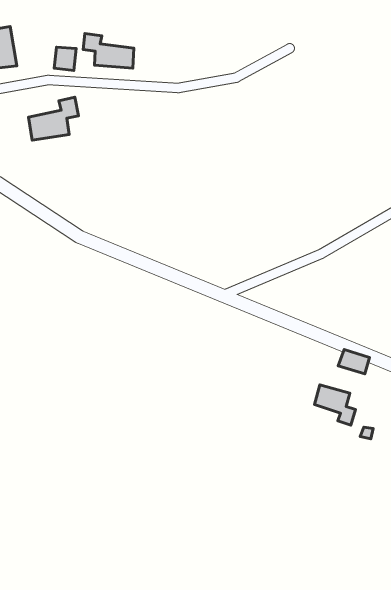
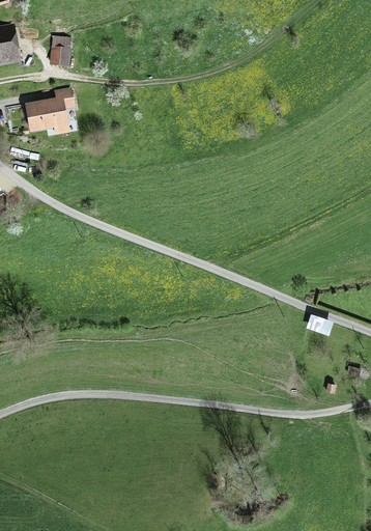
building: [83,34,134,68] -> none
building: [315,385,355,425] -> none

